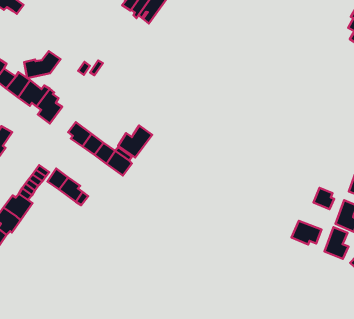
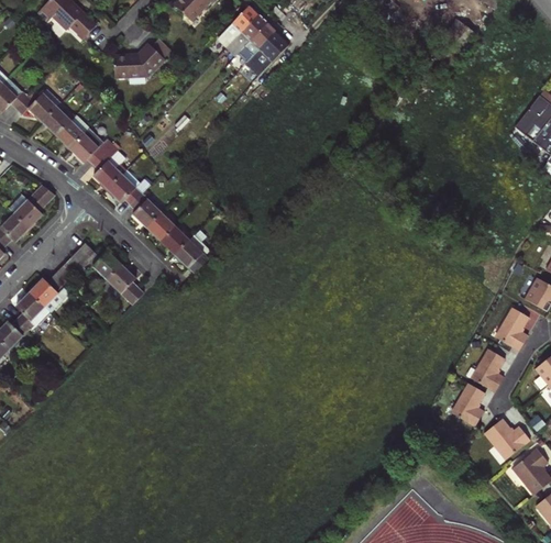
building: [24,51,61,78] -> [113,45,163,77]
building: none -> [107,169,151,204]
building: [118,126,152,158] -> none
building: [314,188,334,209] -> none
building: [292,221,322,245] -> none

